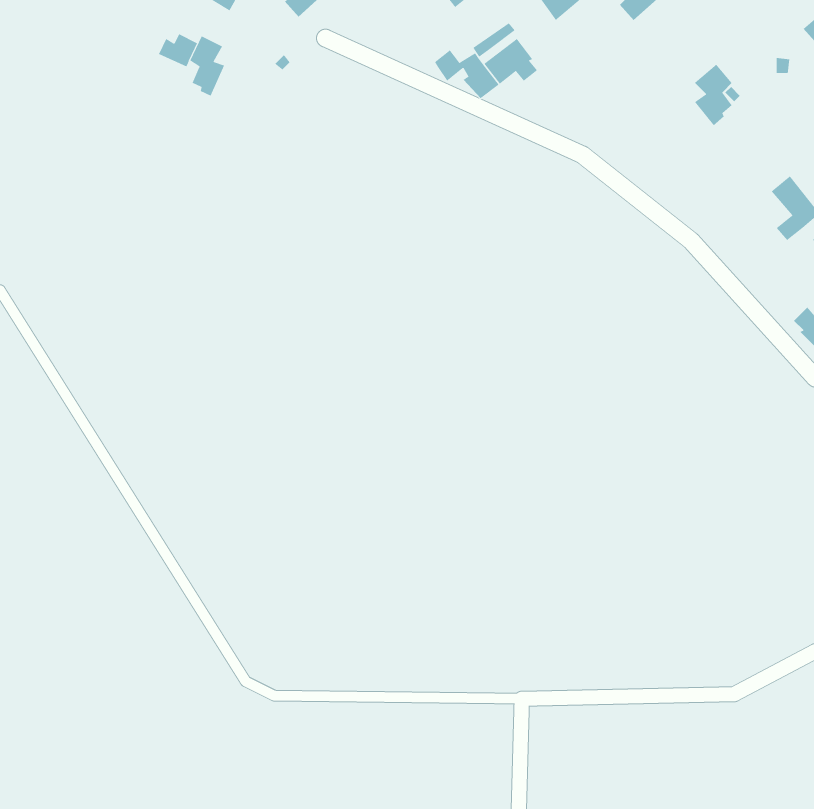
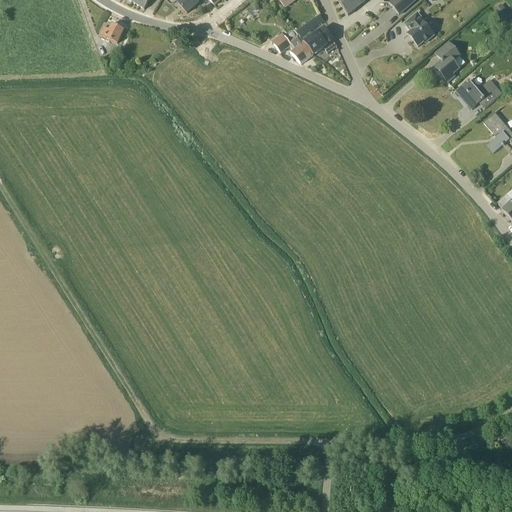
building: none -> [405,10,435,44]
building: [190,36,225,97] -> none
building: none -> [457,78,503,107]

